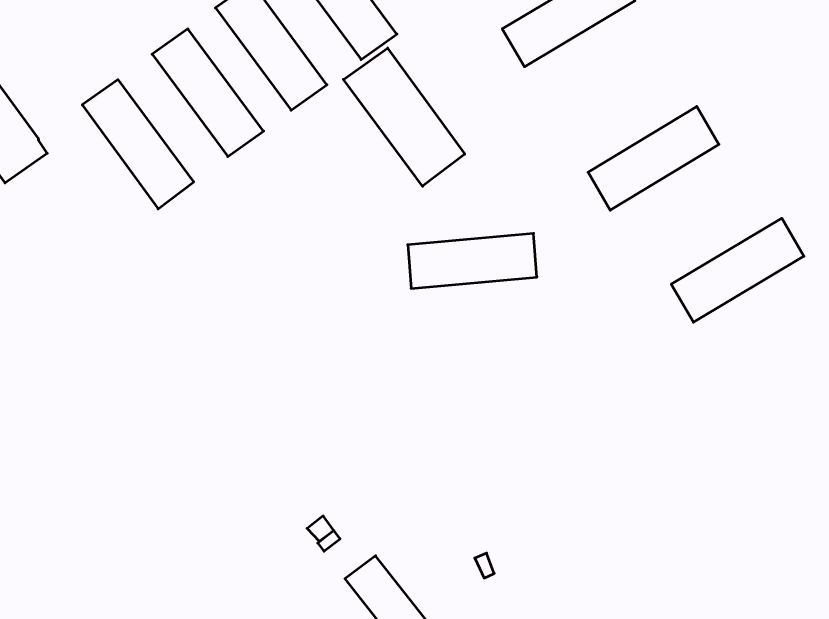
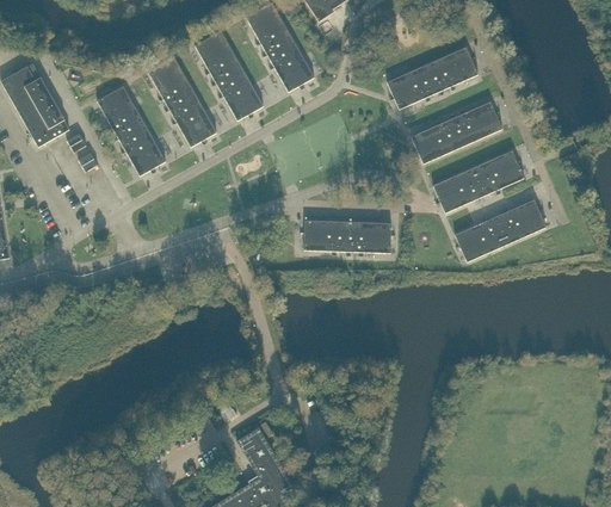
building: none -> [412,100,502,162]
building: [343,48,465,186] -> none
building: [671,218,804,322] -> [455,198,547,261]

